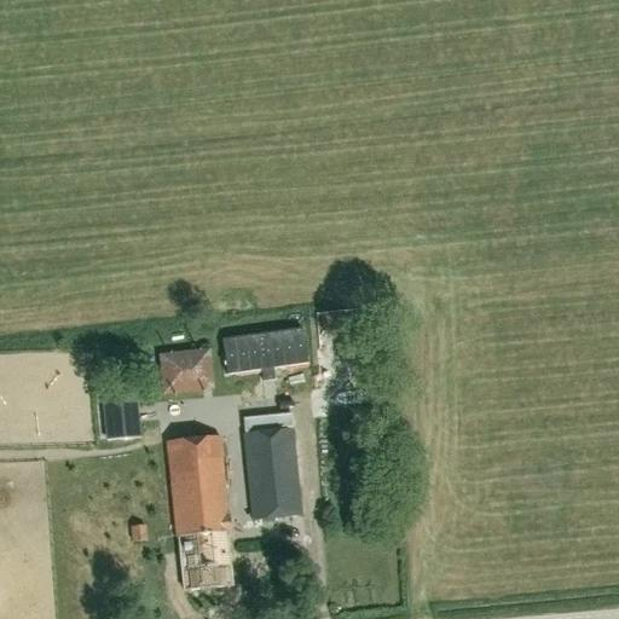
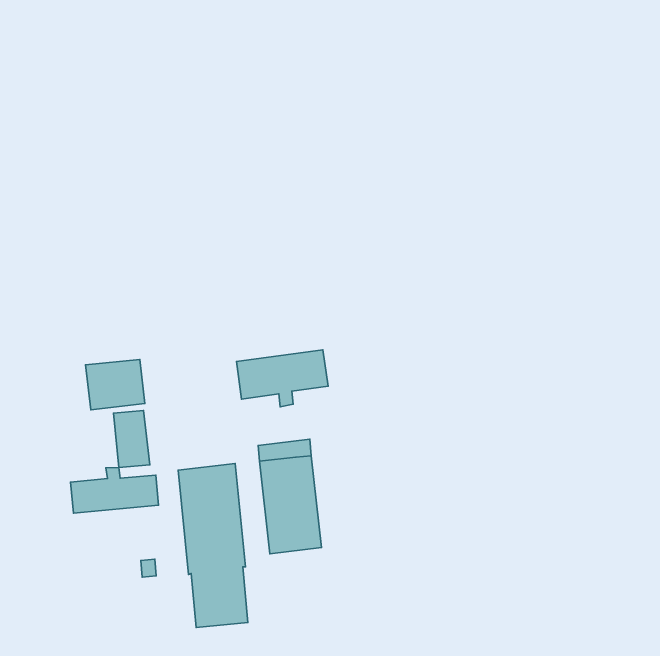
building: [158,347,214,394] -> [86,360,145,410]
building: none -> [71,467,158,513]

